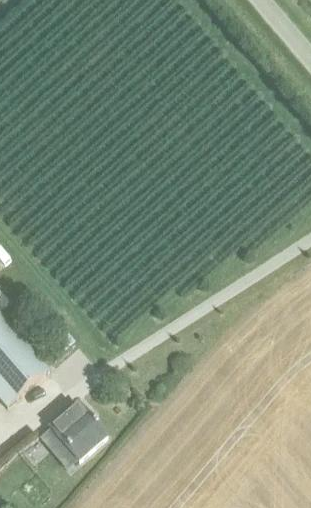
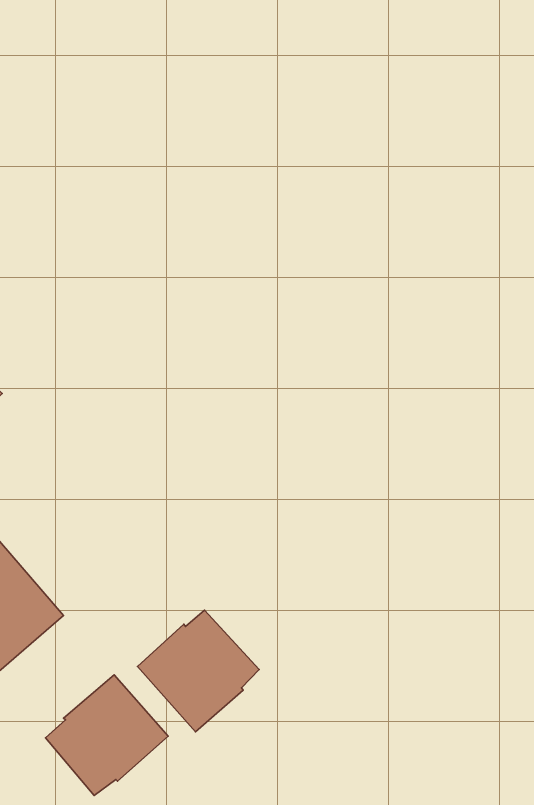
building: none -> [138,610,259,732]

